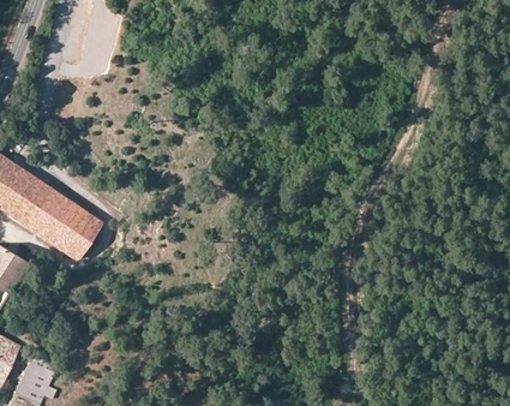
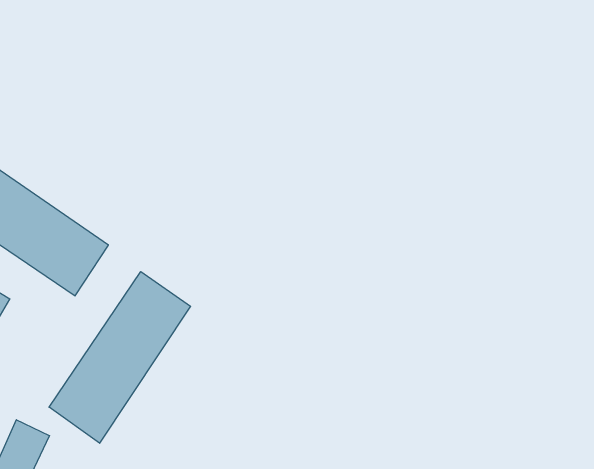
building: none -> [49,272,191,443]

